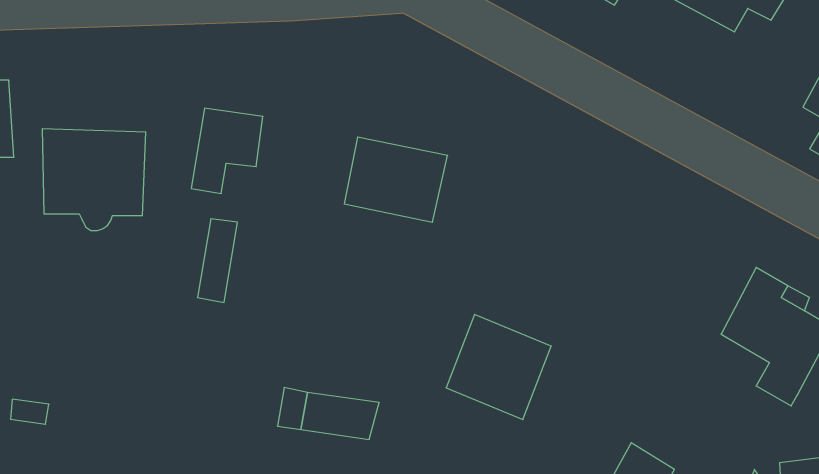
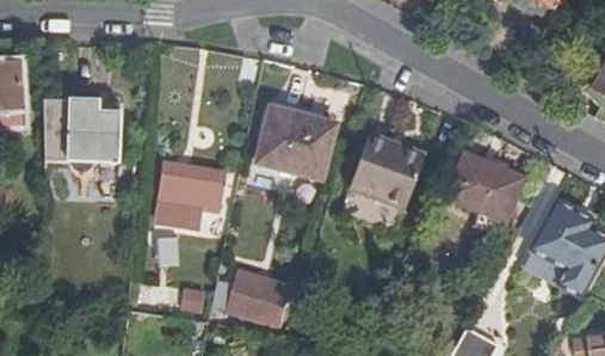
building: [191,108,263,193] -> [175,167,227,228]
building: none -> [445,153,525,235]
building: [446,314,551,420] -> [350,131,425,207]

